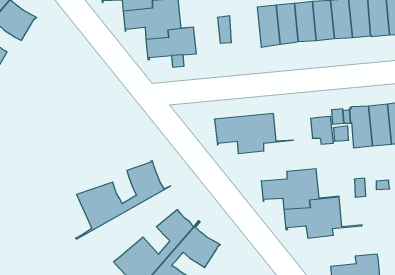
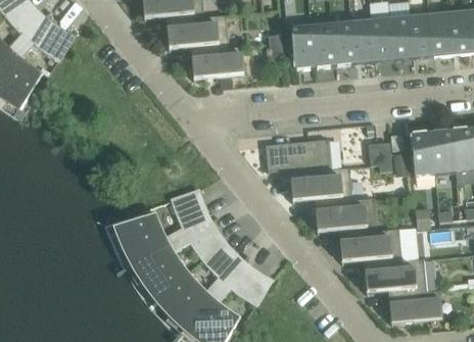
building: none -> [290,25,315,69]
building: none -> [290,167,374,211]
building: none -> [116,216,225,298]
building: none -> [365,259,439,303]

